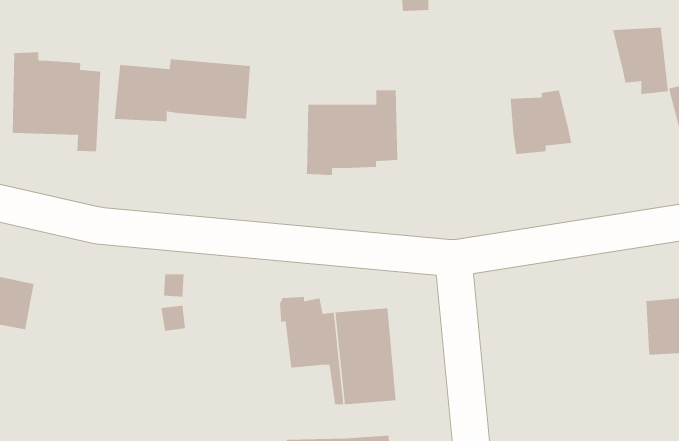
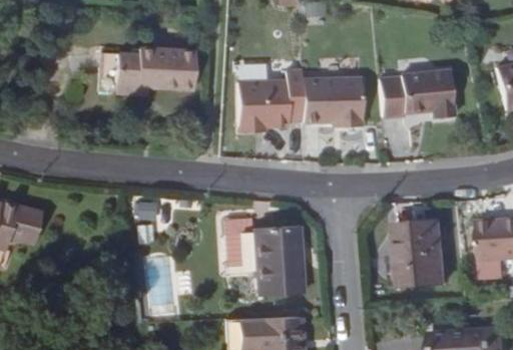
building: [612,27,669,95] -> [417,69,457,117]
building: [12,52,101,152] -> none
building: none -> [303,79,365,128]
building: none -> [399,222,446,286]

